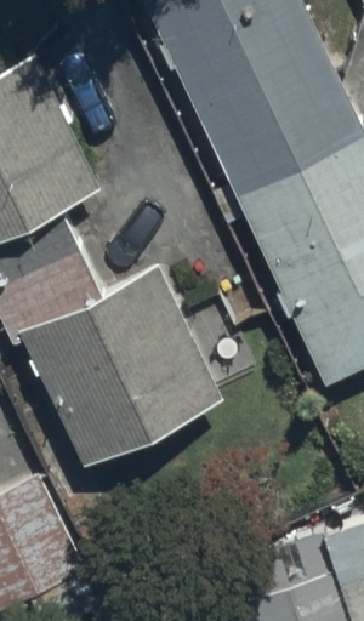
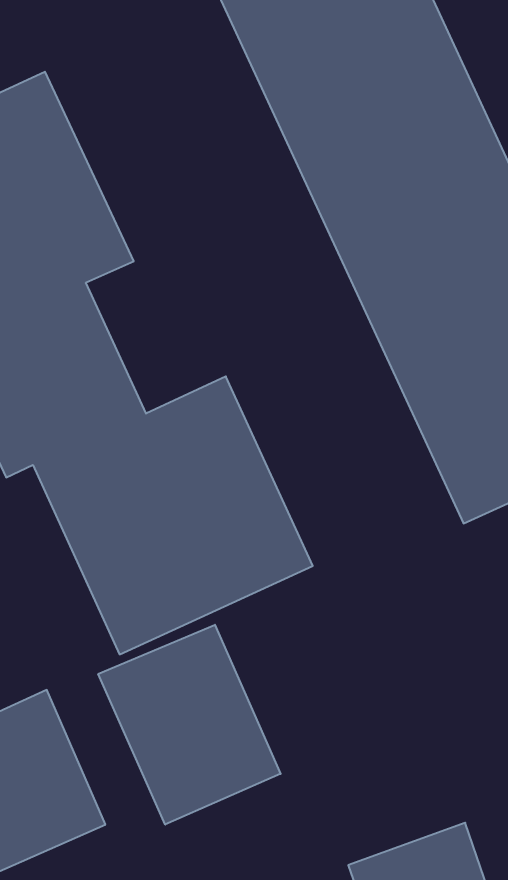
building: none -> [98,625,281,825]

